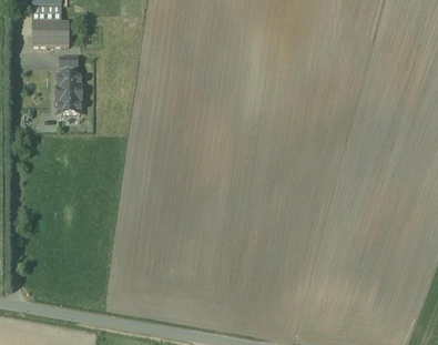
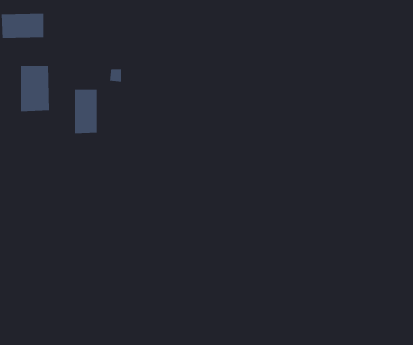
building: none -> [74,89,98,134]

